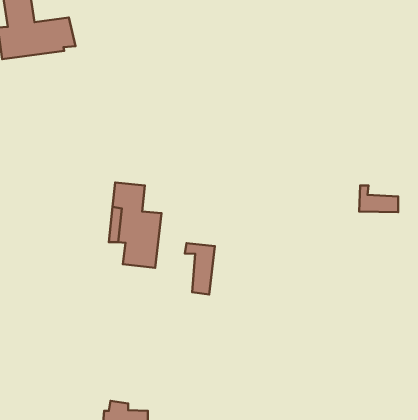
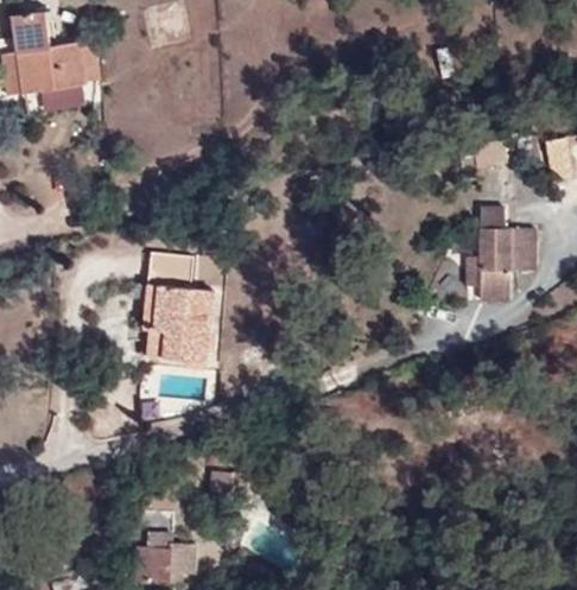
building: none -> [477,222,527,271]
building: [185,243,215,295] -> none

